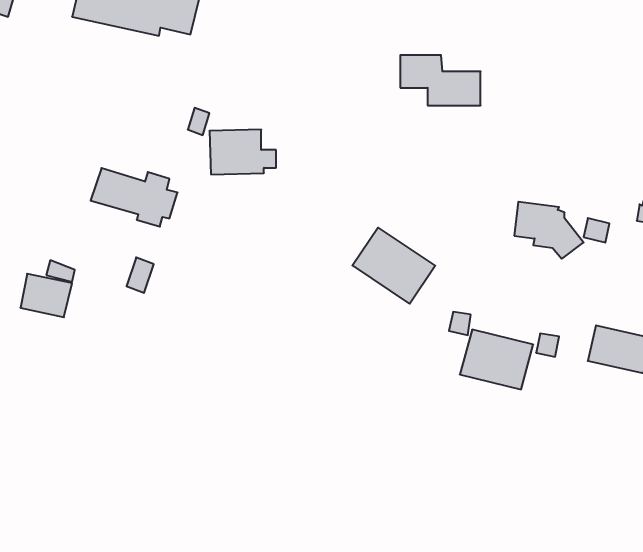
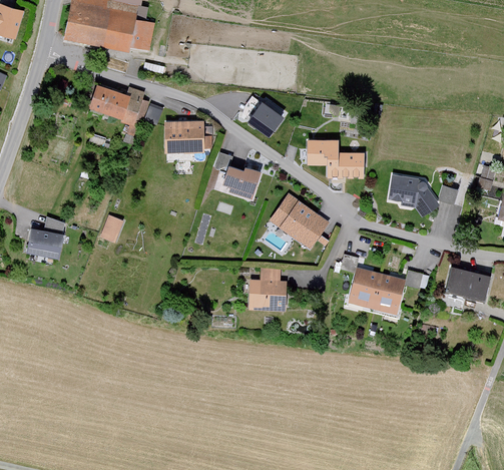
building: [400,55,481,105] -> [307,141,366,178]
building: none -> [247,102,284,137]
building: [91,168,178,227] -> [87,84,151,127]
building: none -> [216,153,259,199]
building: none -> [247,269,286,310]

